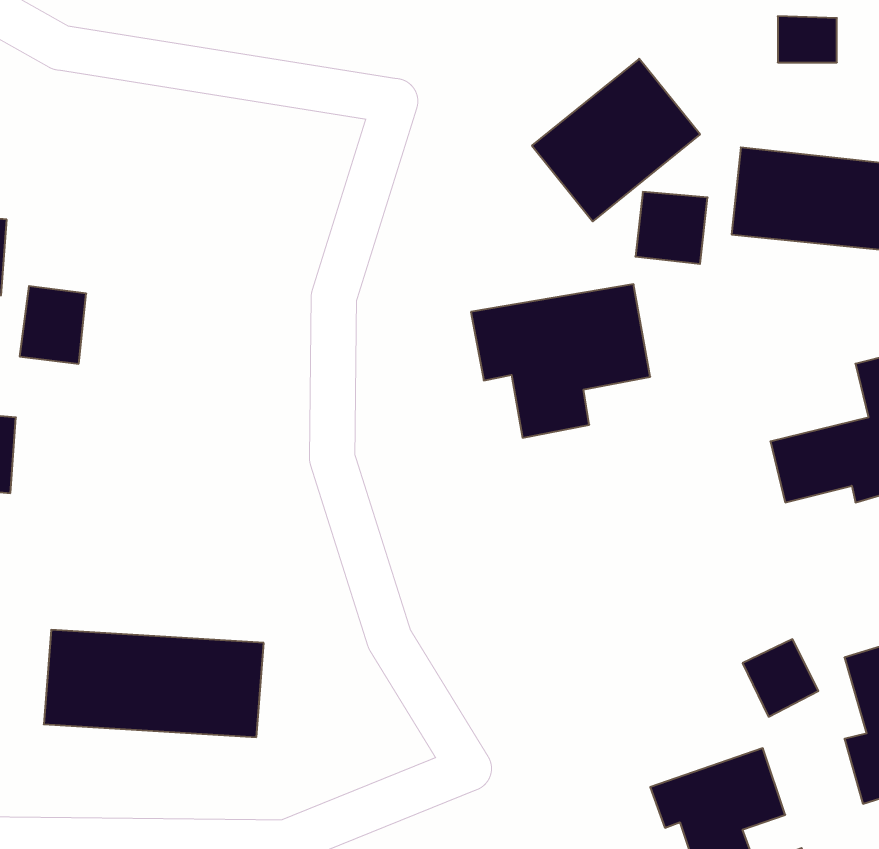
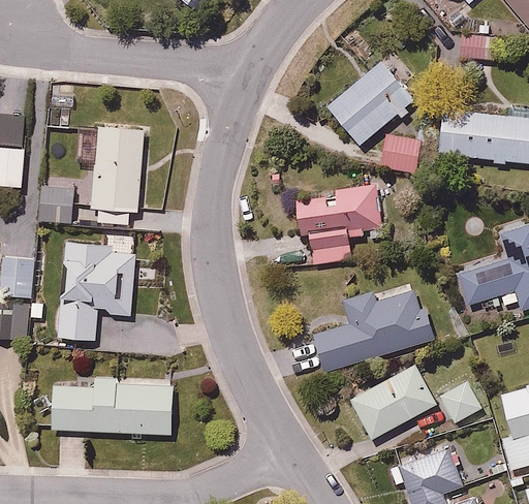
building: none -> [91,124,146,213]
building: none -> [57,240,139,342]
building: none -> [310,285,434,374]
building: none -> [348,361,440,441]

